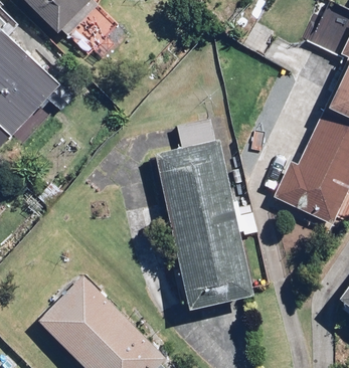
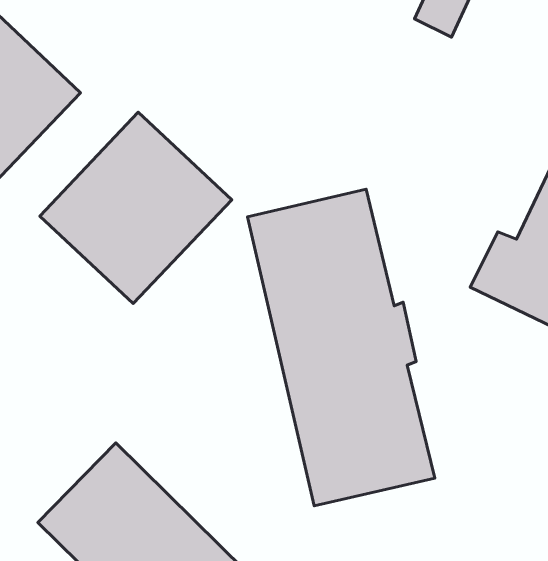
building: none -> [40,112,232,304]

